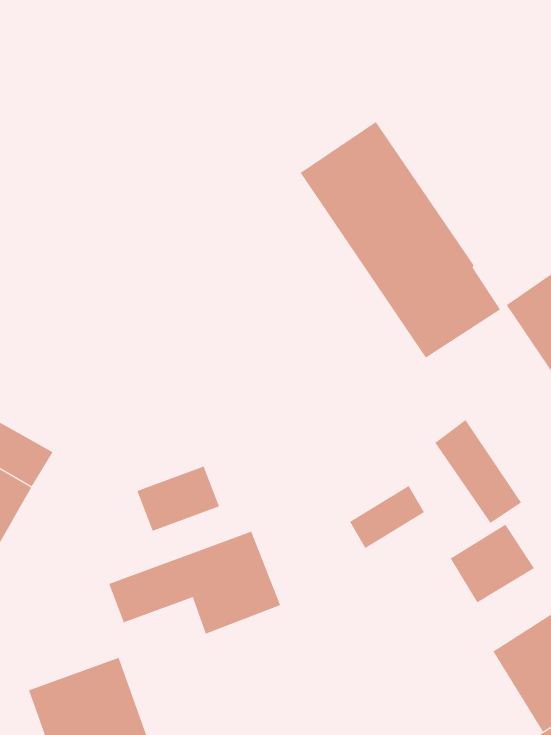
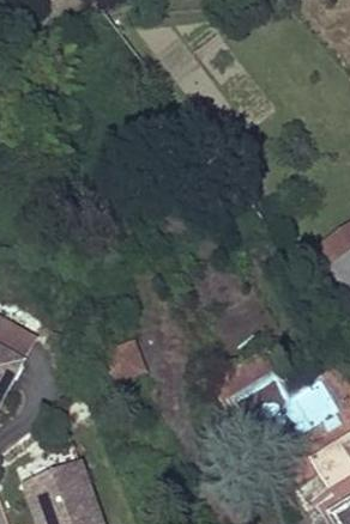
building: [300,121,501,359] -> none
building: [434,419,522,524] -> none
building: [109,531,281,634] -> none

